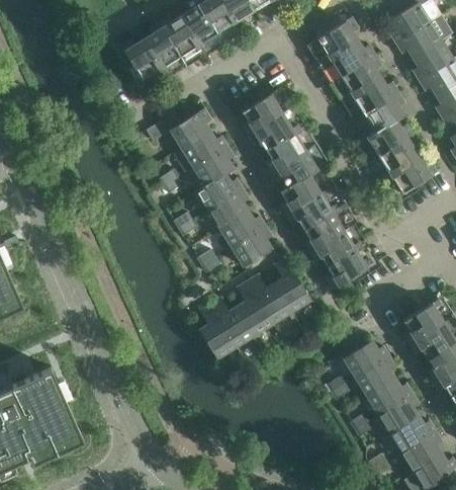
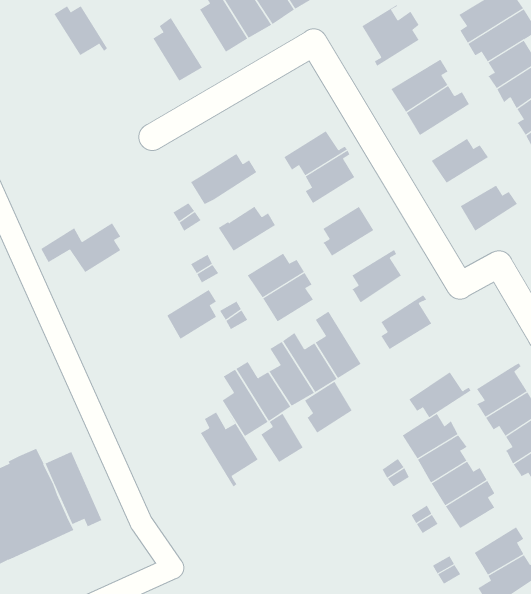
building: [159,15,202,62] -> none
building: [121,38,165,79] -> [53,5,108,56]
building: [324,39,375,79] -> none
building: [242,89,283,134] -> none
building: [358,91,404,137] -> none
building: [147,108,211,149] -> [41,222,121,273]
building: [379,134,420,173] -> none
building: [193,146,235,186] -> none
building: [272,150,324,191] -> none
building: [208,188,249,229] -> [166,289,217,339]
building: [287,192,338,229] -> none
building: [310,229,361,266] -> [409,372,472,418]
building: none -> [304,381,353,433]
building: none -> [200,412,259,488]
building: none -> [260,413,304,463]
building: none -> [45,451,102,527]
building: [390,415,436,452] -> none

